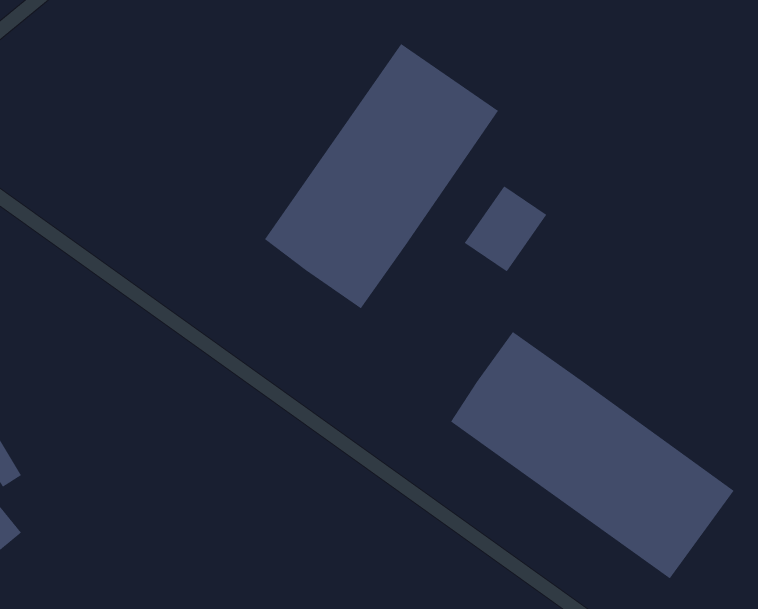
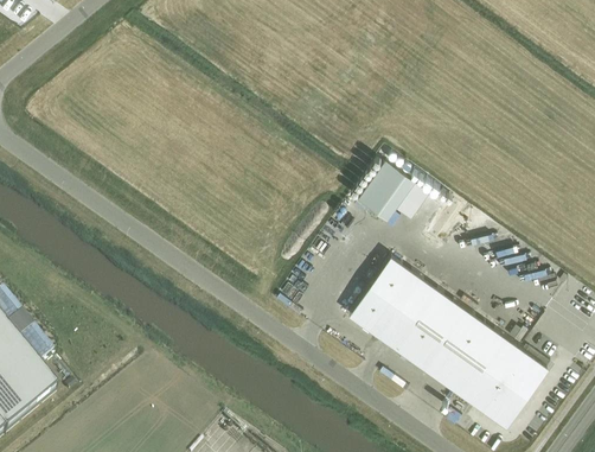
building: [264,43,499,309] -> none

